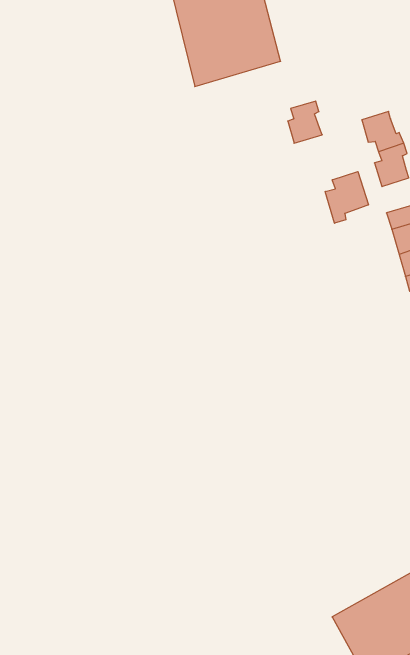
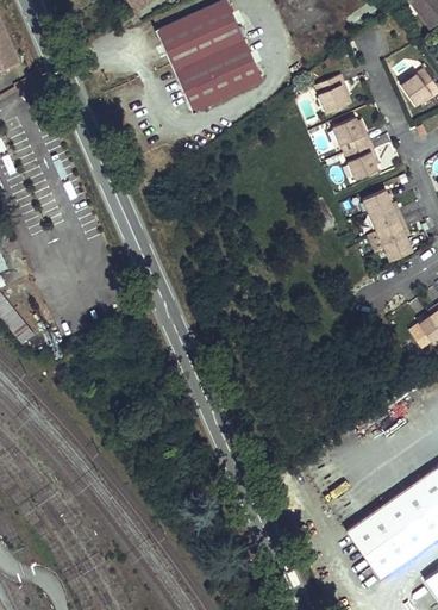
building: [288,101,322,143] -> [318,69,348,106]
building: [325,172,368,223] -> none

